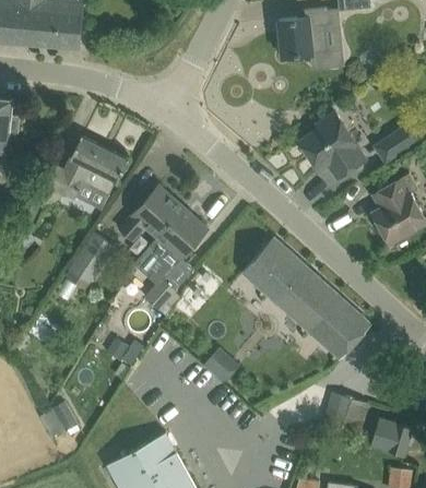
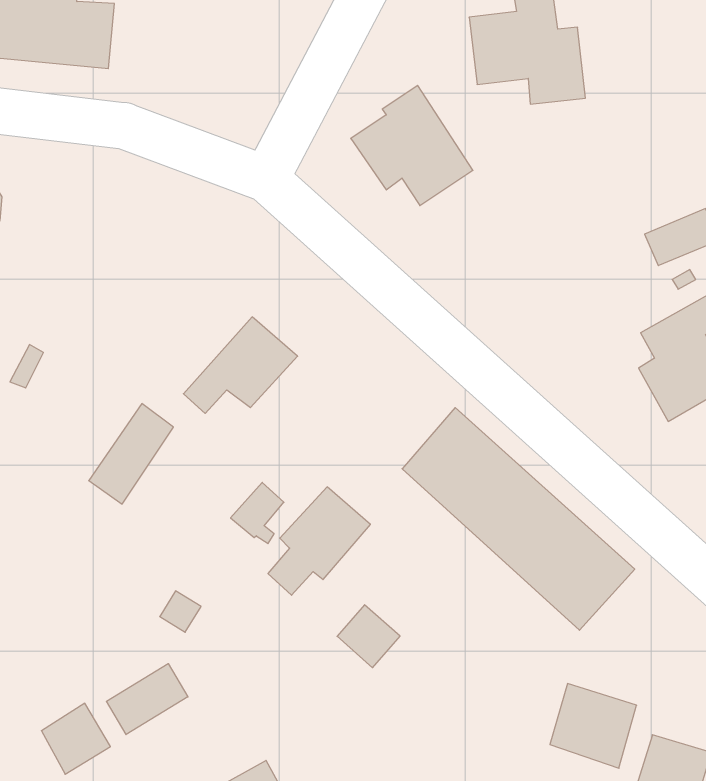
building: [298,112,366,179] -> [351,85,473,206]
building: [42,136,128,201] -> none
building: [150,209,206,269] -> [268,487,370,595]
building: none -> [106,664,188,735]

